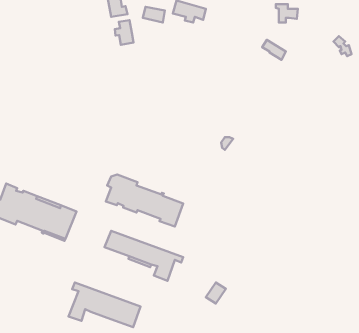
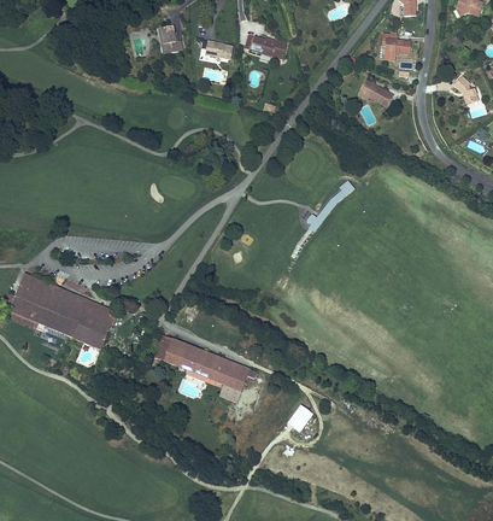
building: [115,20,134,45] -> none
building: [106,174,183,227] -> none
building: [69,283,140,327] -> none

